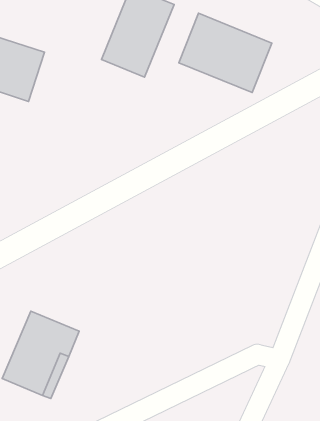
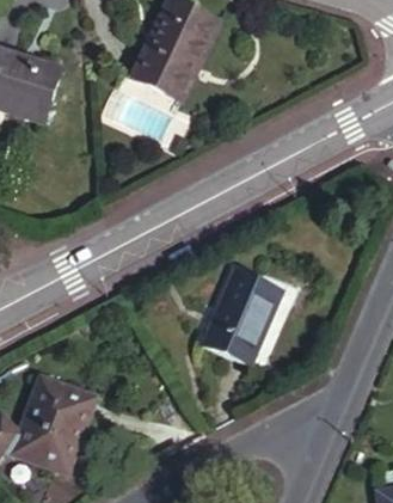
building: [179,13,272,92] -> none
building: none -> [209,265,288,361]

